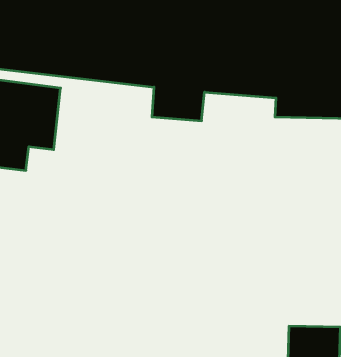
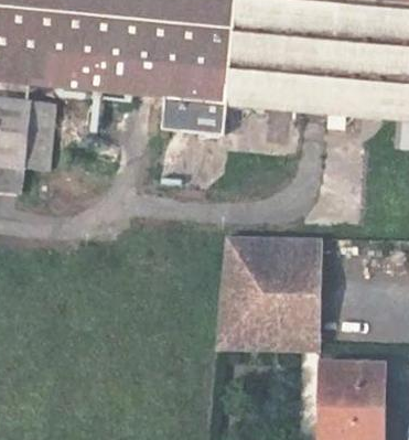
building: none -> [220,232,320,357]

